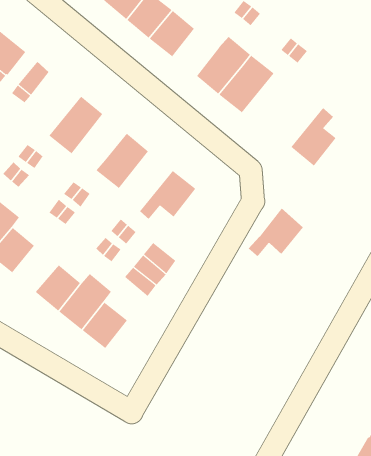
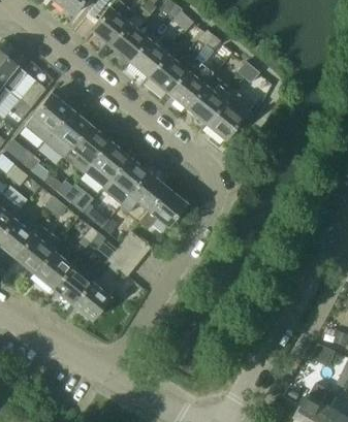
building: none -> [148,55,186,94]
building: none -> [24,94,71,143]
building: [290,107,336,167] -> [205,92,244,141]
building: none -> [71,126,109,164]
building: none -> [102,157,148,205]
building: [248,208,304,257] -> [139,188,186,229]
building: none -> [14,227,59,273]

